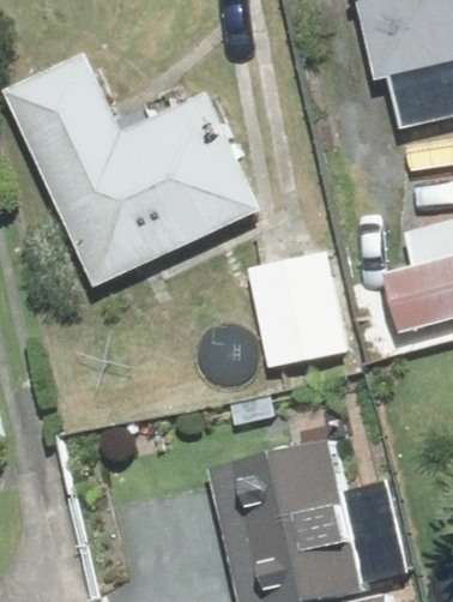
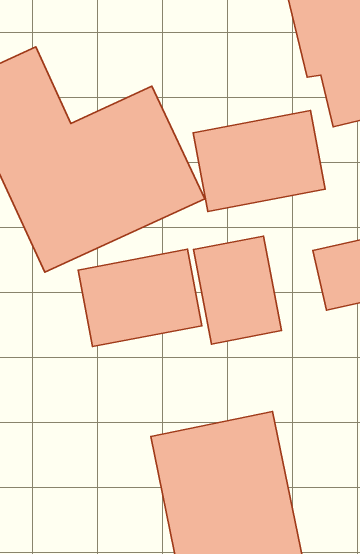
building: none -> [193,111,325,211]
building: none -> [78,249,202,347]

